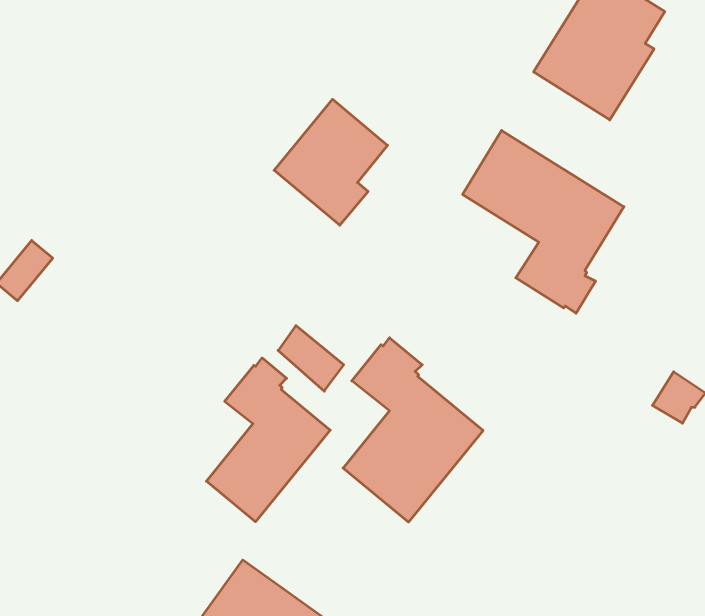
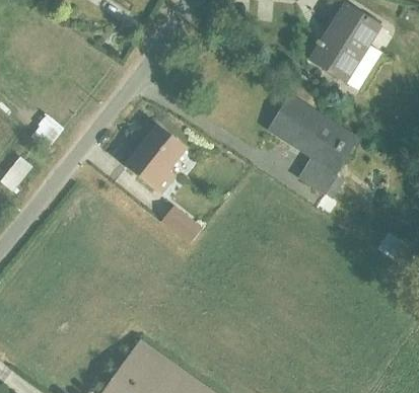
building: [274,99,388,225] -> [122,123,187,194]
building: [343,338,483,522] -> none
building: [206,358,330,522] -> none

